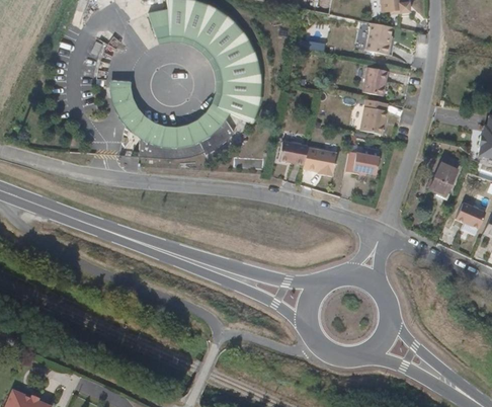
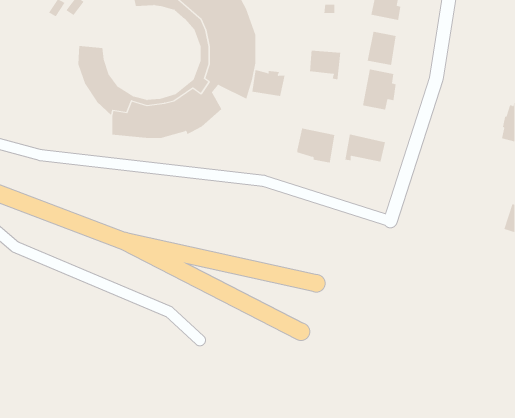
building: none -> [309,50,341,80]
building: [276,144,306,167] -> [251,69,286,96]
building: [424,163,449,194] -> none
building: [452,204,480,228] -> none

